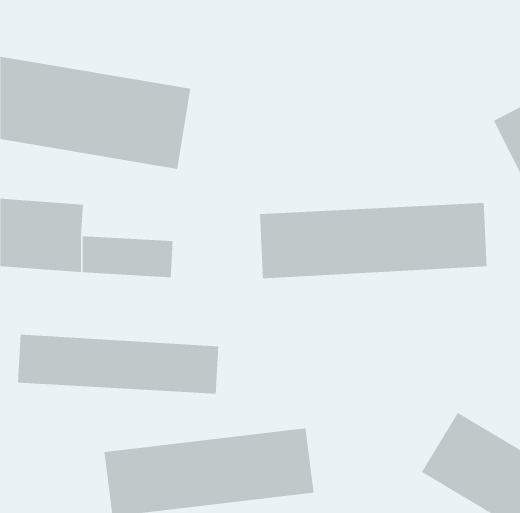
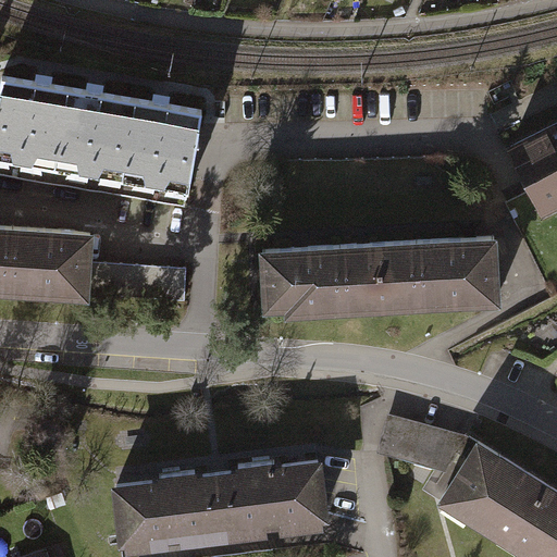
building: [17,334,219,395] -> none
building: none -> [376,420,466,479]

